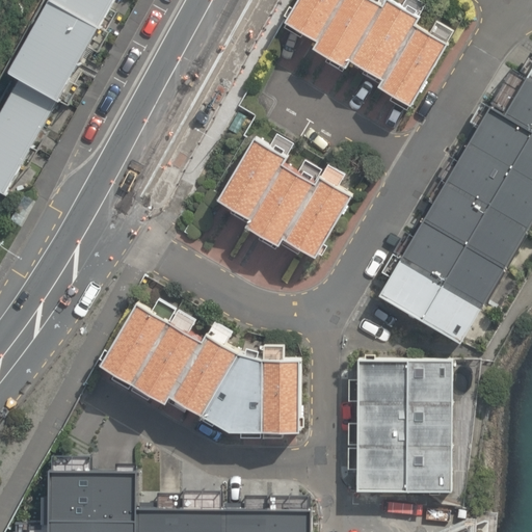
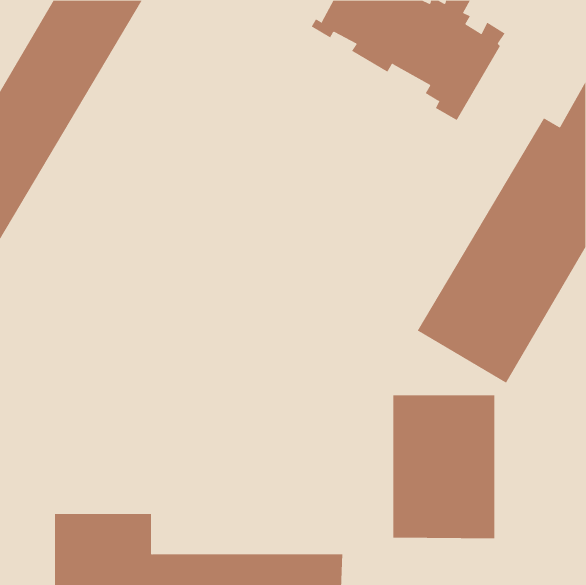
building: [206,132,347,251] -> none
building: [96,299,299,441] -> none

